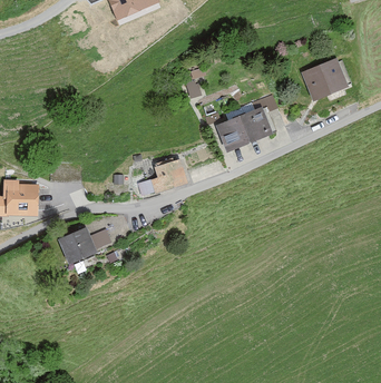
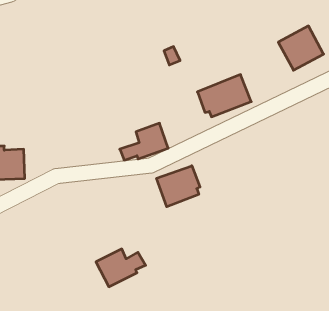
building: none -> [157,166,200,207]
building: [57,227,108,266] -> [96,249,146,287]

